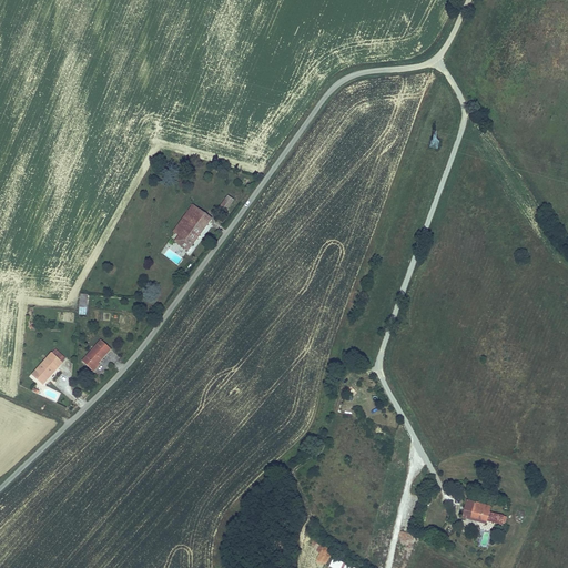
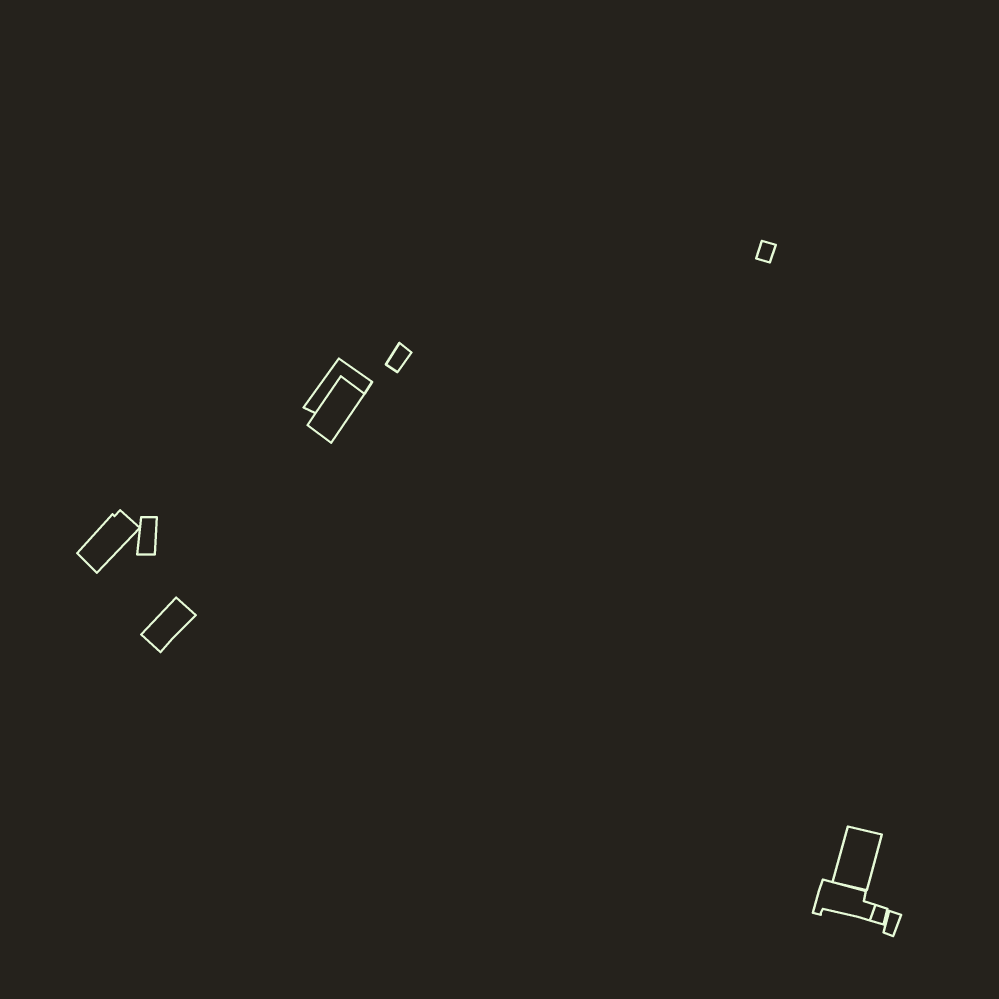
building: [30,349,65,385] -> [77,510,140,573]
building: none -> [833,827,882,890]

